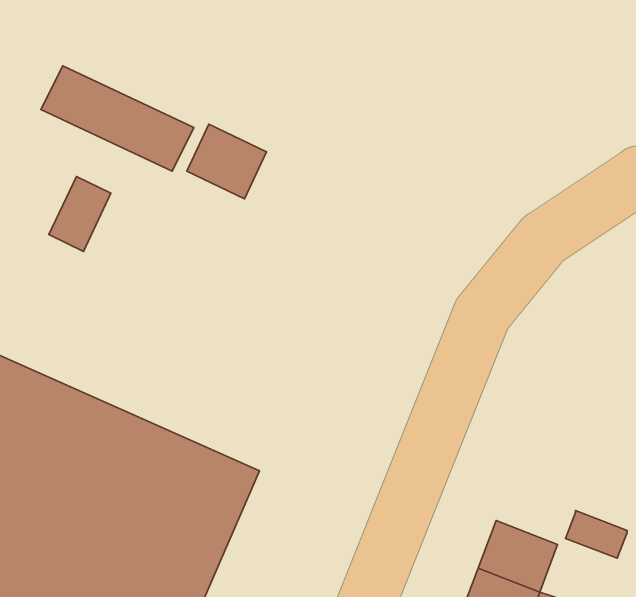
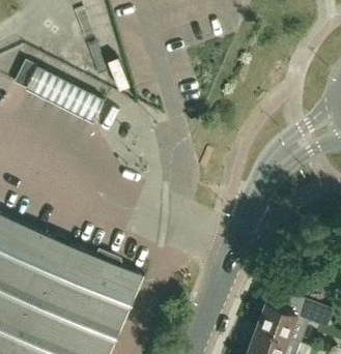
building: [187,124,267,199] -> none
building: [49,176,111,251] -> none

